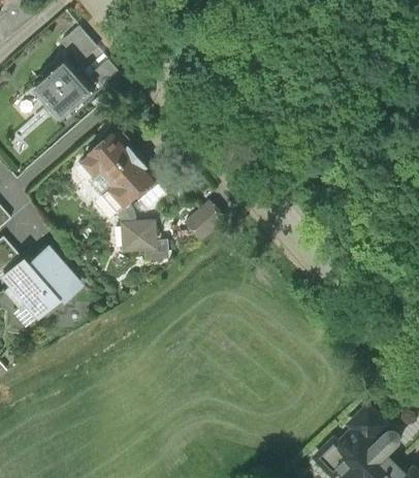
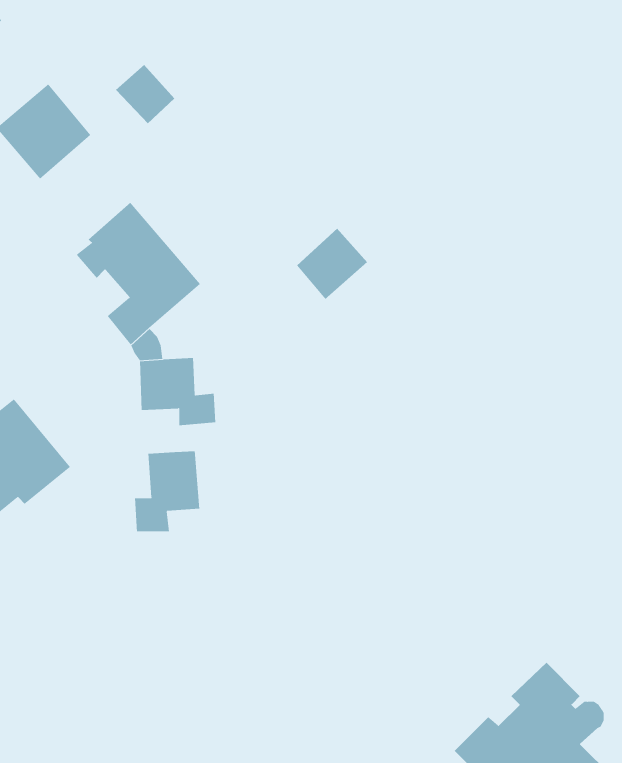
building: [62,27,98,63] -> [115,64,175,124]
building: [186,200,229,244] -> [296,228,368,300]
building: none -> [135,450,200,532]

